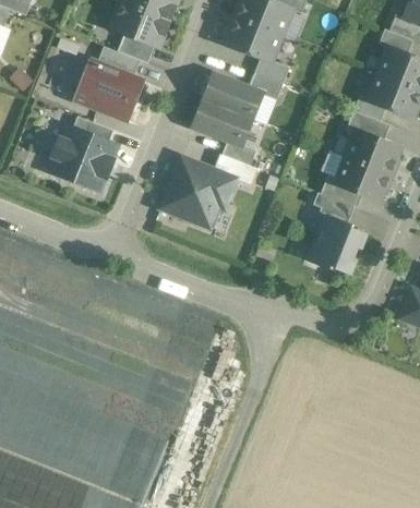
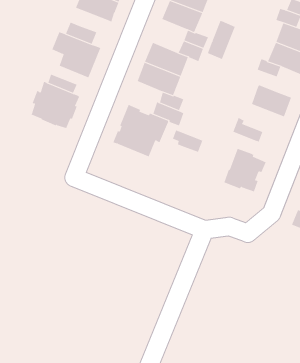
building: [116,34,154,64] -> none
building: none -> [207,20,235,60]
building: [345,111,388,142] -> none
building: [334,157,389,201] -> none
building: [312,193,353,223] -> [172,130,203,153]

